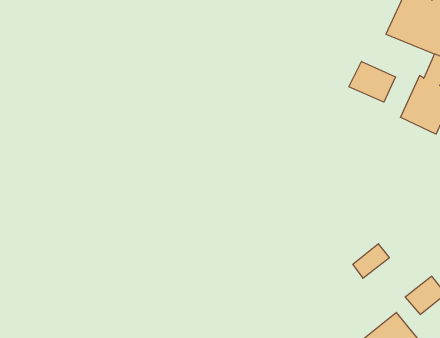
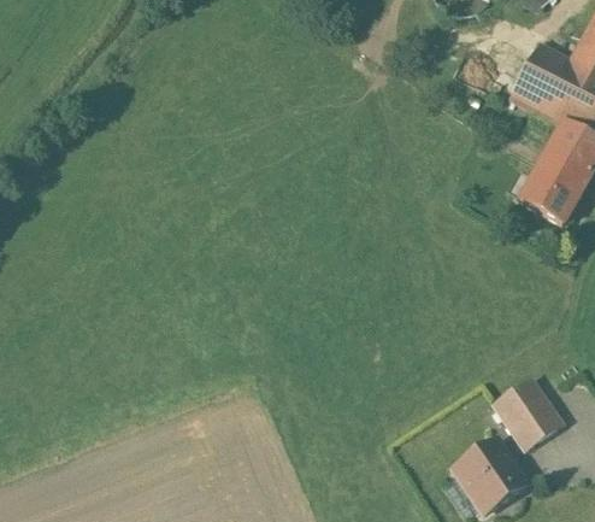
building: [349,61,396,102] -> none
building: [353,244,389,278] -> [496,381,542,422]

